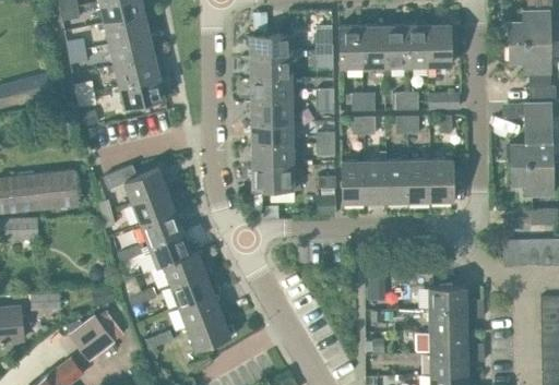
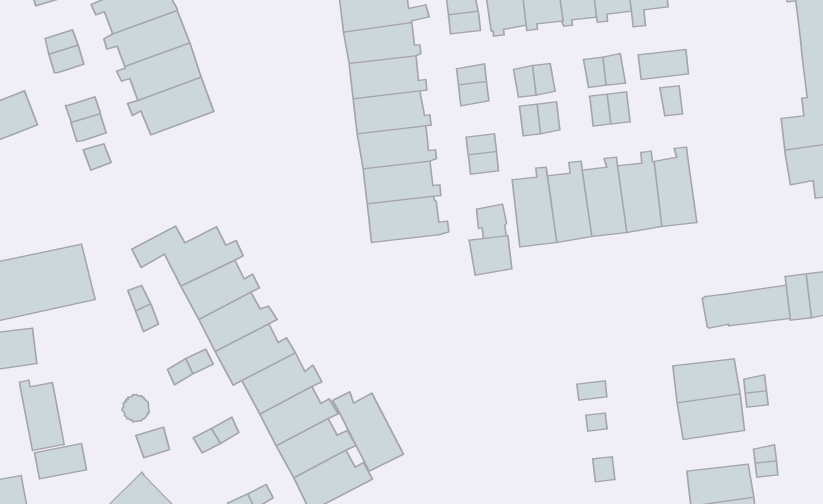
building: none -> [19,380,64,450]
building: none -> [333,392,404,471]
building: [414,332,466,352] -> [702,285,790,328]

